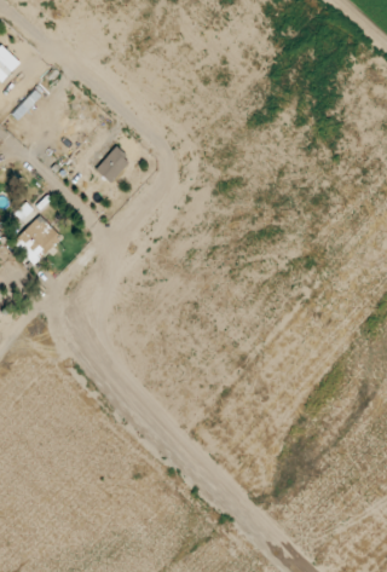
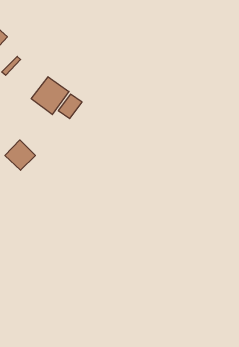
building: none -> [31,77,69,115]

